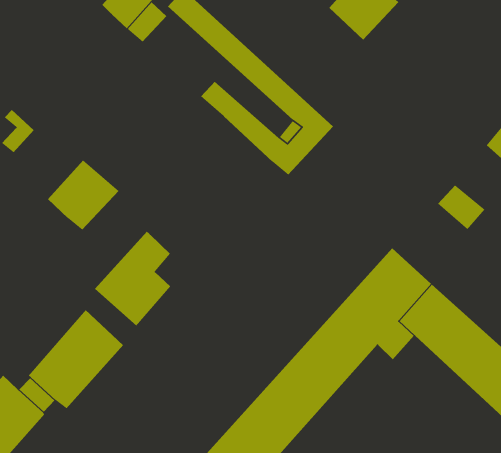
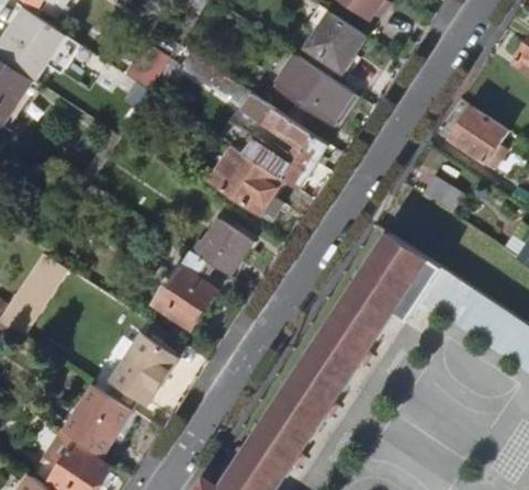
building: none -> [268,54,350,127]
building: none -> [213,149,280,215]
building: [47,159,120,230] -> [191,216,248,274]

